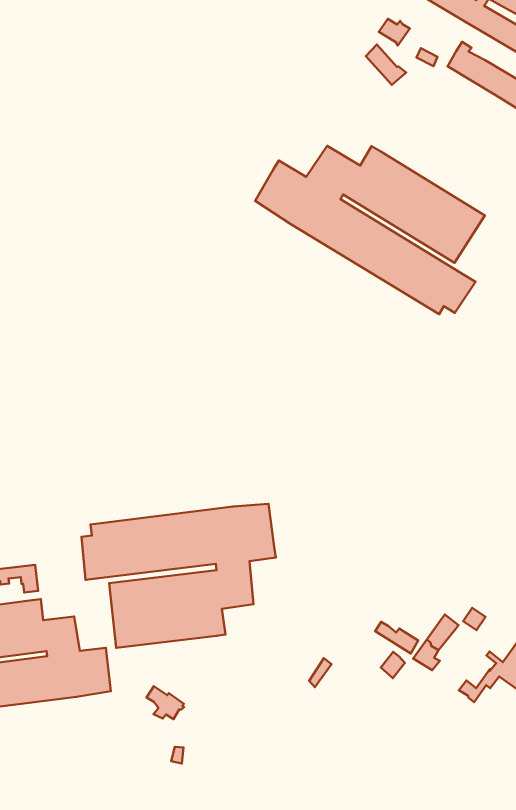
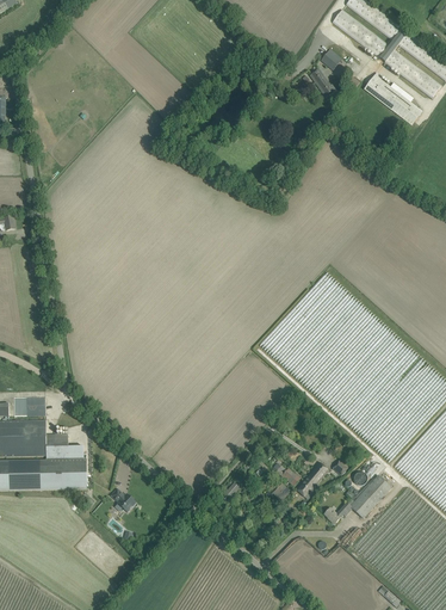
building: [255,146,485,314] -> none
building: [81,504,276,648] -> none

